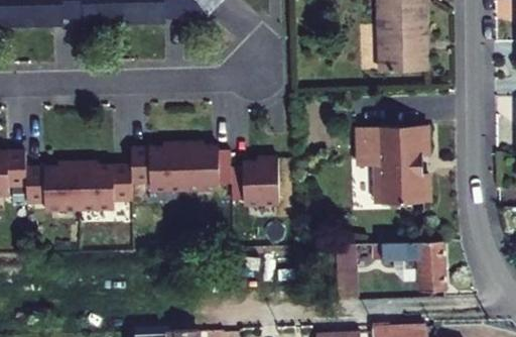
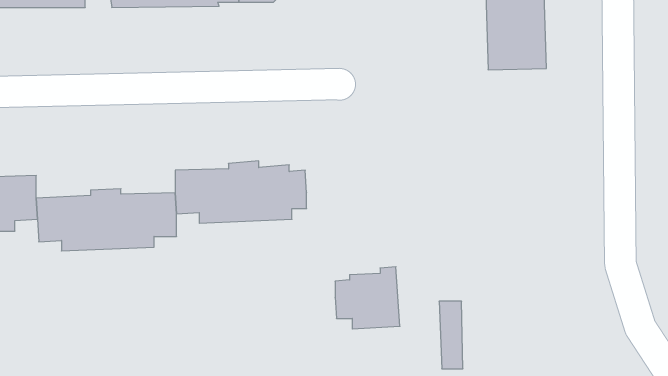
building: [358,129,427,208] -> none
building: [239,151,288,199] -> [335,267,400,329]
building: [387,242,445,296] -> none

